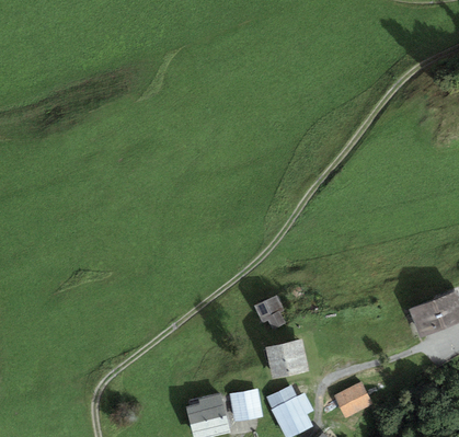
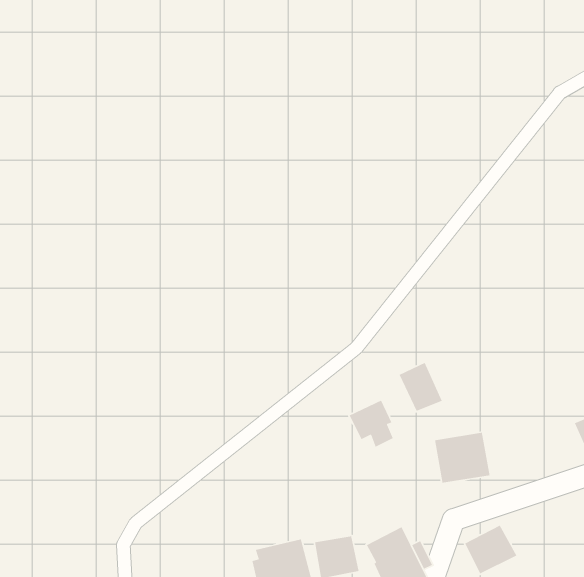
building: none -> [398,362,443,412]
building: [267,341,307,377] -> [434,432,490,484]

